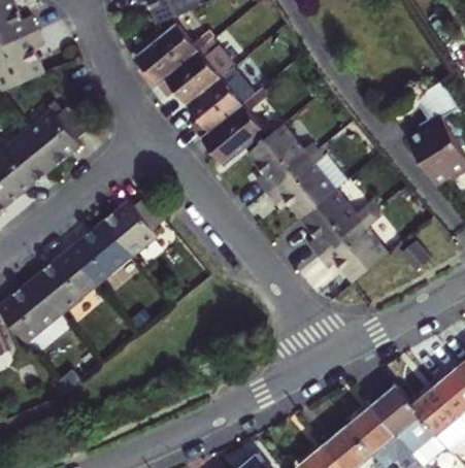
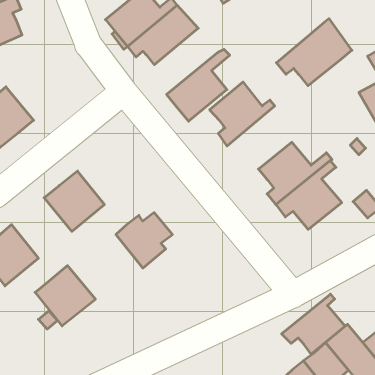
building: [187,66,256,137] -> none
building: [27,105,89,165] -> none
building: [265,145,346,218] -> [276,19,352,86]
building: [104,196,165,256] -> [116,213,172,268]
building: [33,248,98,313] -> [35,266,95,326]
building: none -> [282,294,345,354]

